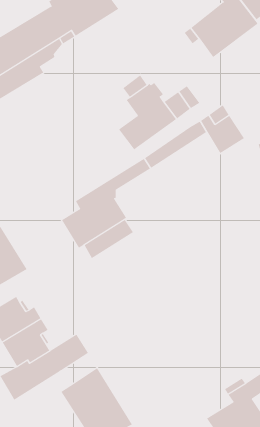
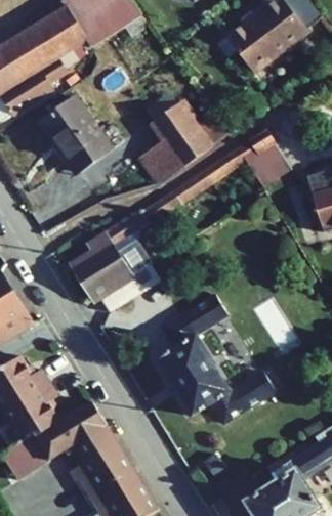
building: none -> [39,96,113,172]
building: none -> [157,294,276,423]
building: none -> [73,423,117,462]

